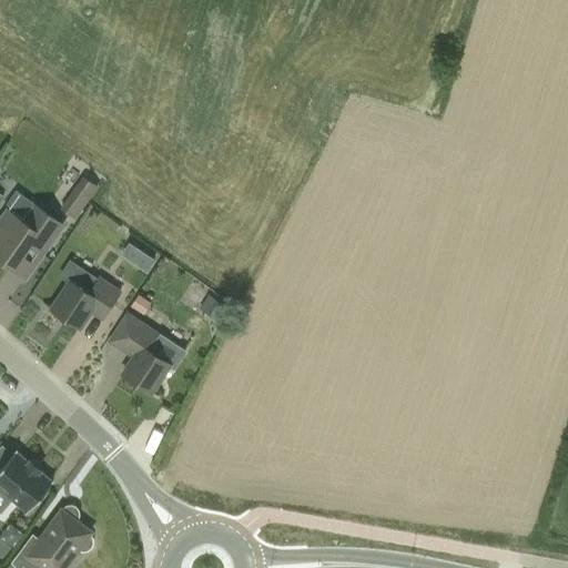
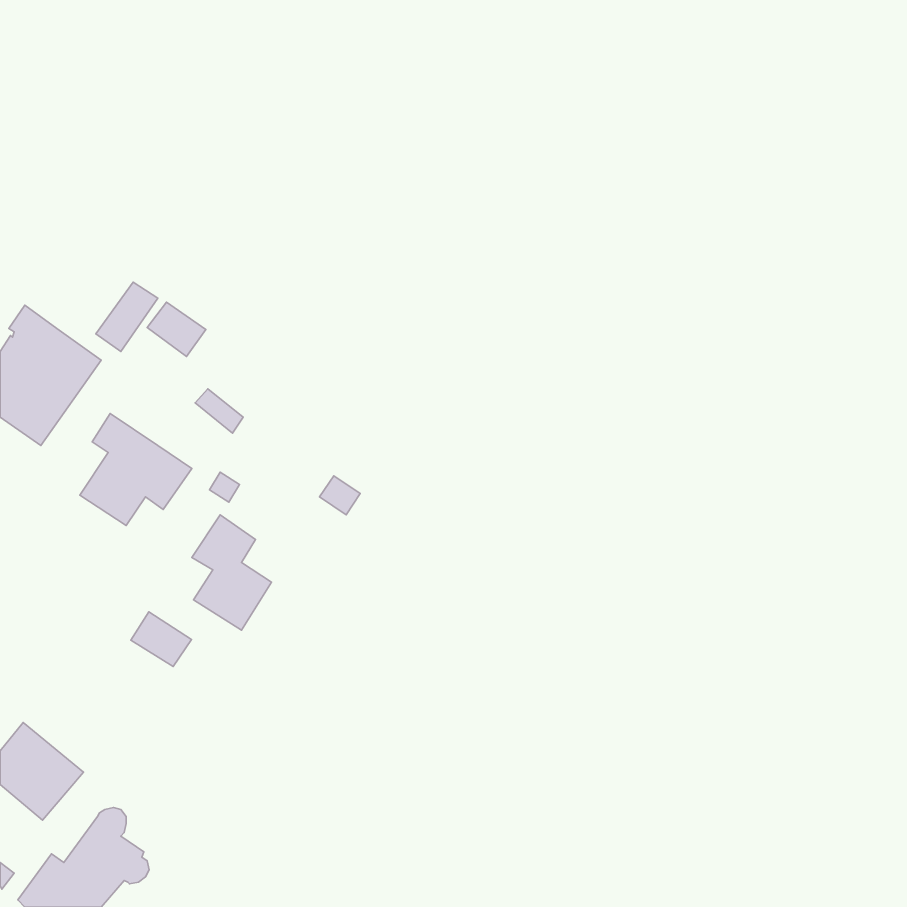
building: none -> [147,302,206,356]
building: none -> [131,612,192,666]

